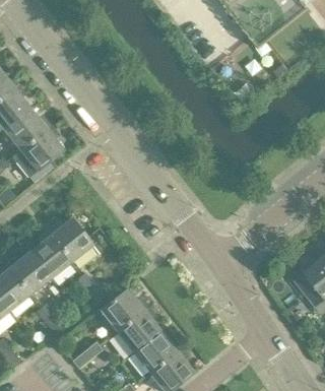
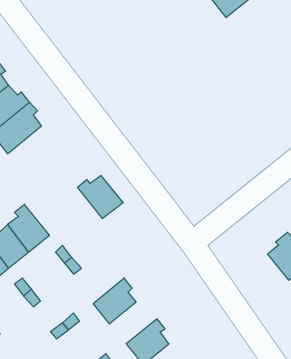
building: [46,219,92,263] -> [77,176,123,218]
building: [99,289,147,333] -> none
building: [132,331,181,374] -> none

